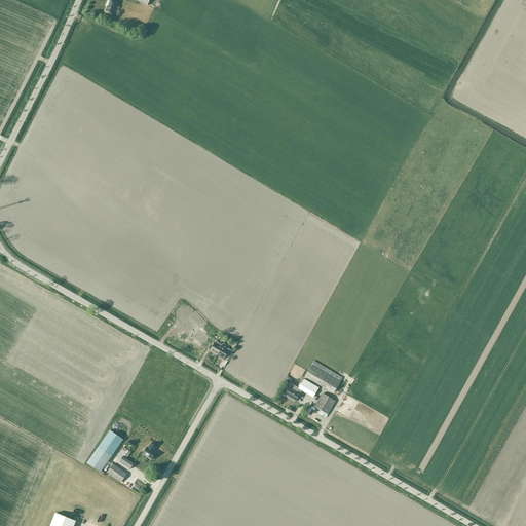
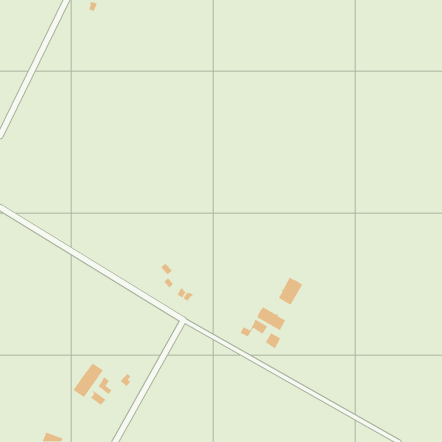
building: none -> [278,277,303,306]

